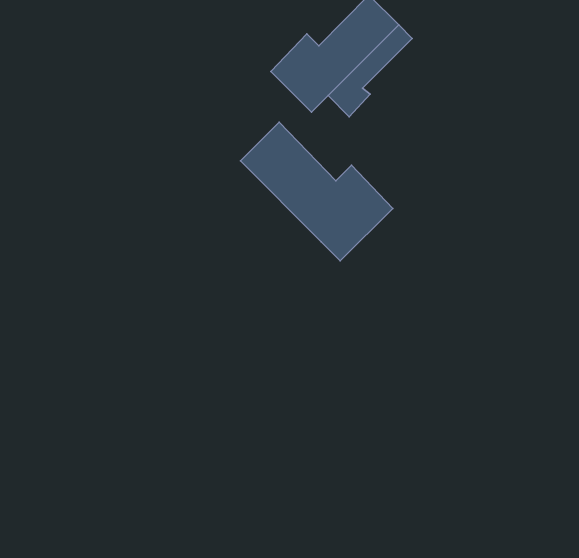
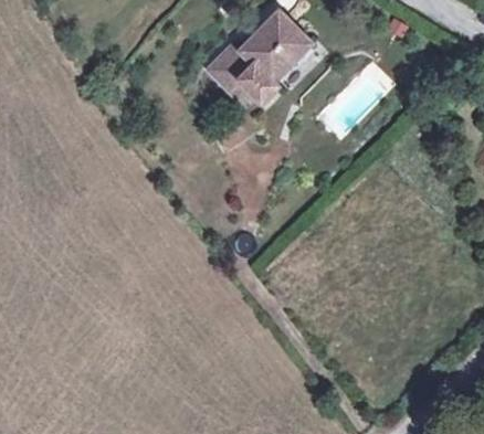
building: [240,122,393,261] -> none

